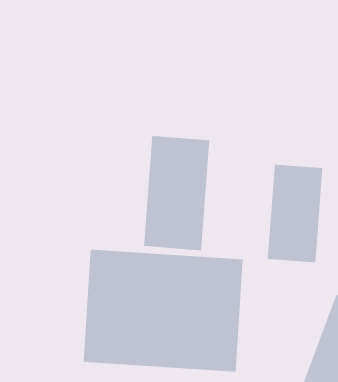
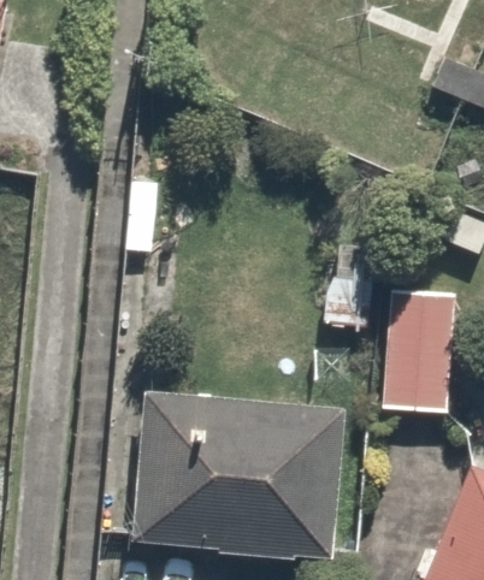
building: [143,135,210,251] -> none

